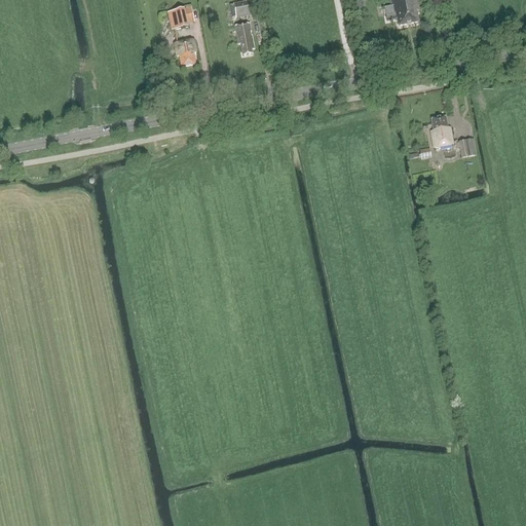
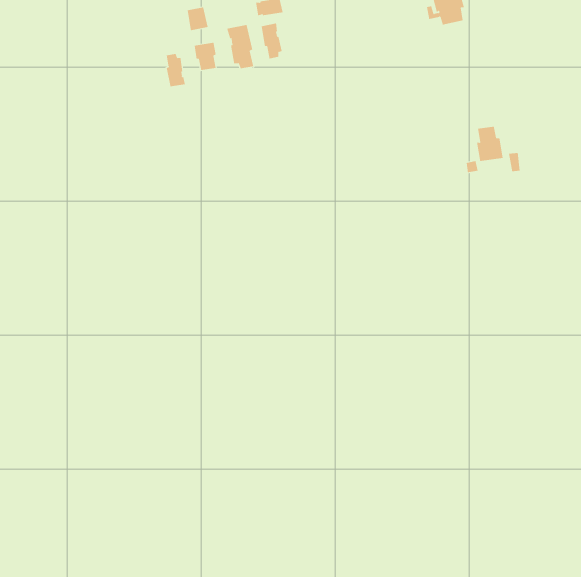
building: none -> [227,24,254,69]
building: none -> [166,53,186,87]

